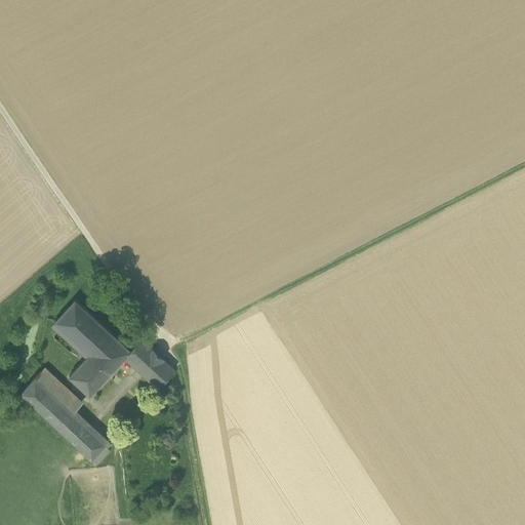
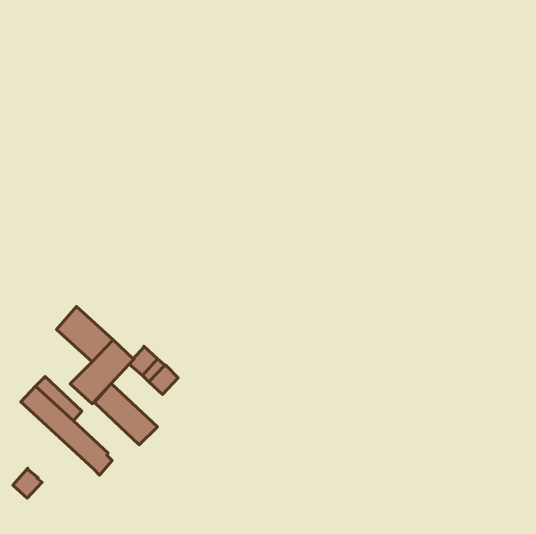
building: none -> [94,383,158,445]
building: none -> [13,468,42,498]

